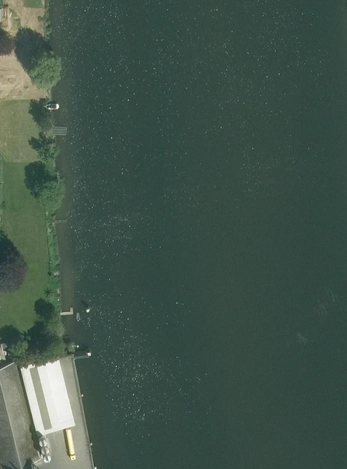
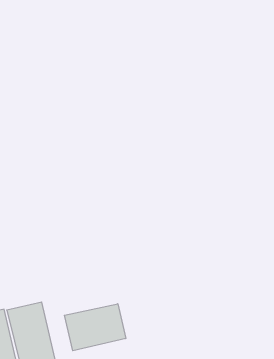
building: none -> [64,304,126,351]

